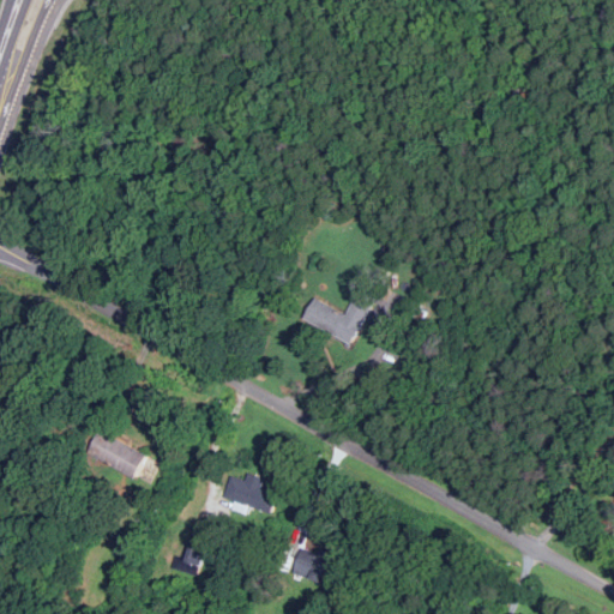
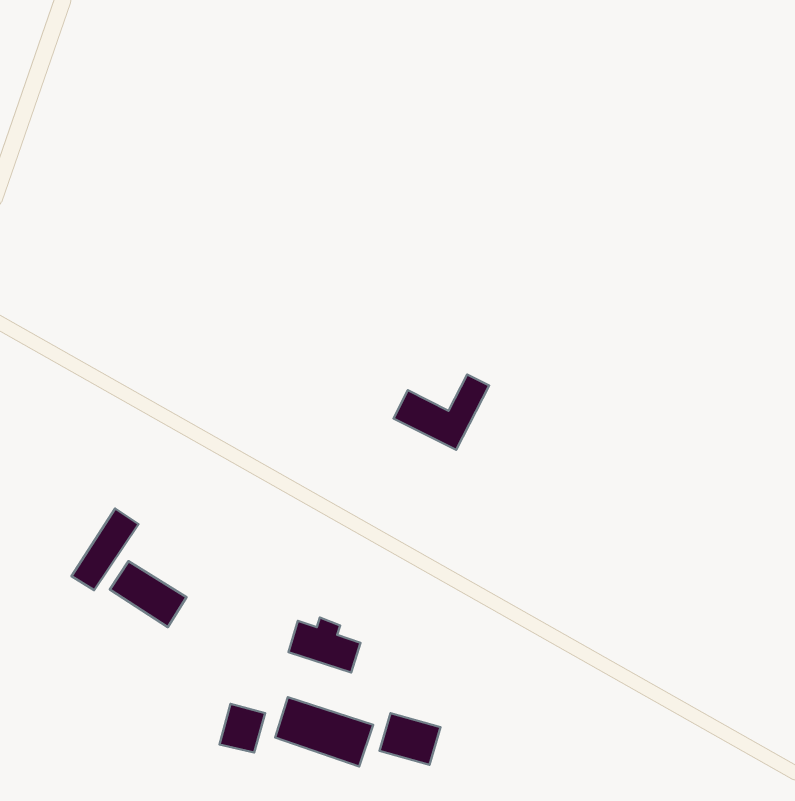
building: none -> [71,509,138,590]
building: none -> [275,697,373,766]

